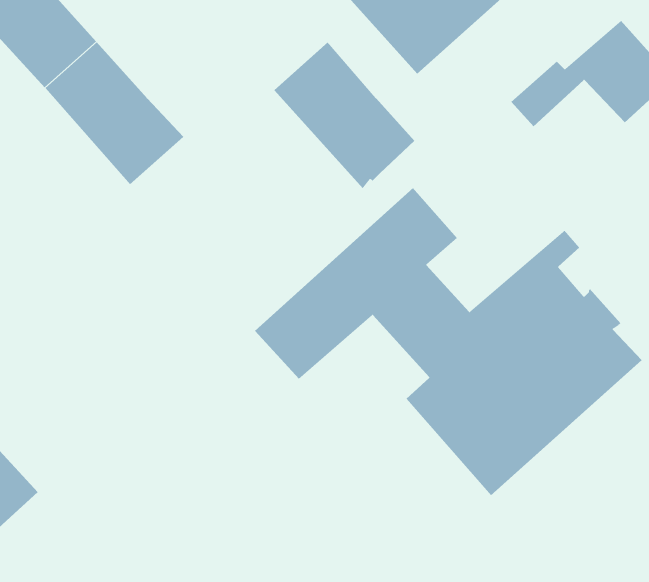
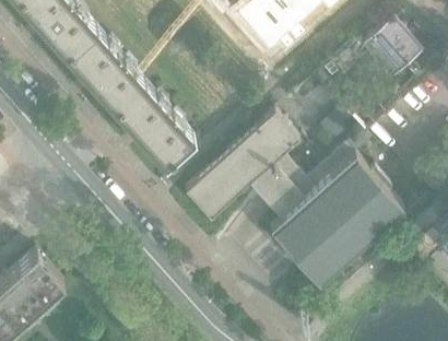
building: [273,42,415,189] -> [115,86,194,169]

